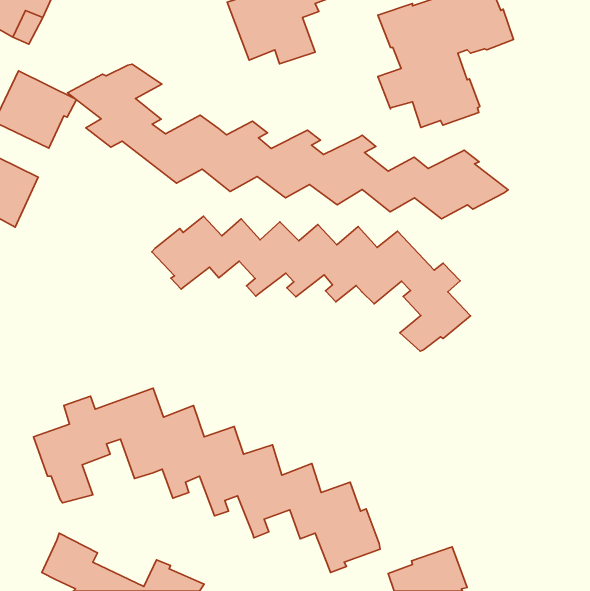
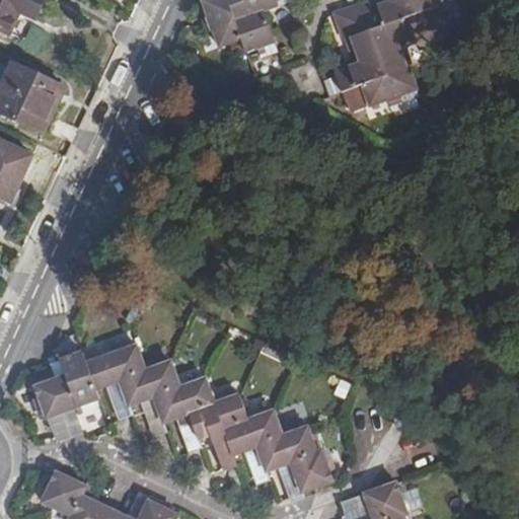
building: [68,64,508,219] -> none
building: [152,216,471,351] -> none

